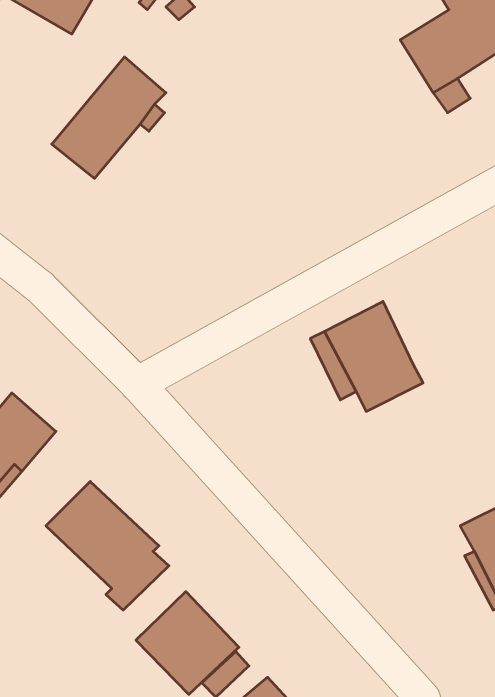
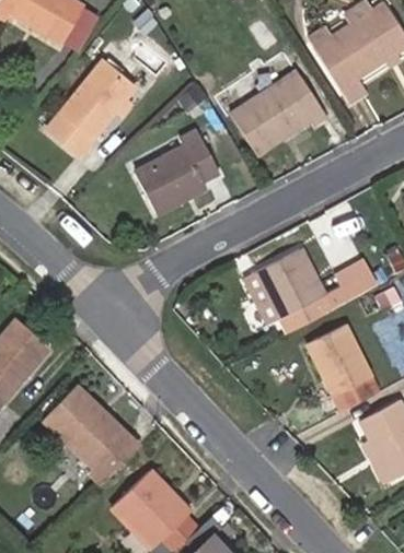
building: none -> [230,71,327,155]
building: none -> [134,130,219,213]
building: none -> [323,259,378,310]
building: none -> [303,322,380,412]

